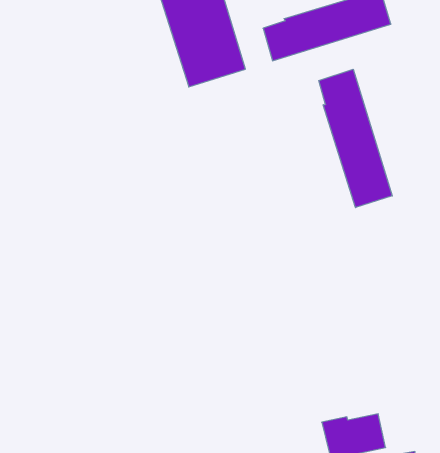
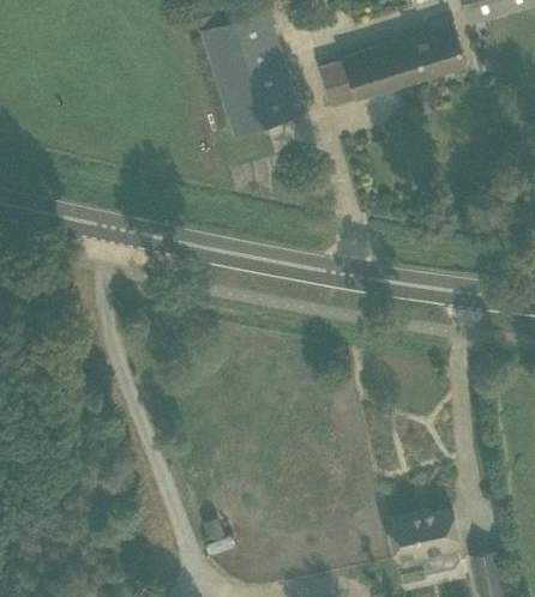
building: [319,69,392,208] -> none

